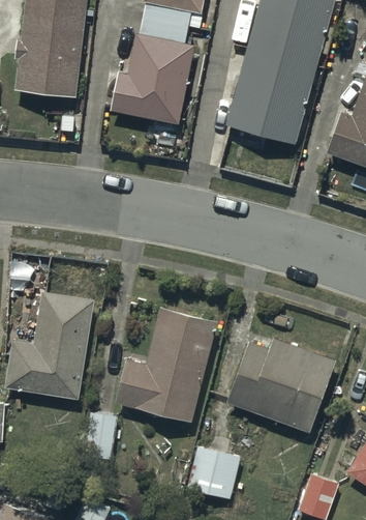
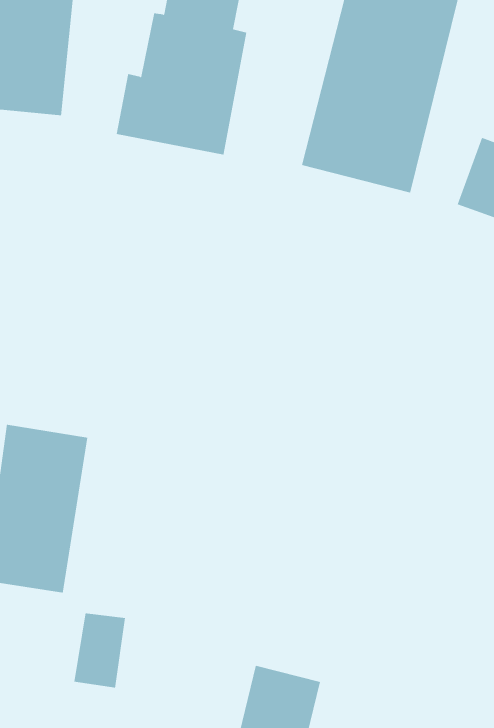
building: [116,310,216,422] -> none
building: [226,339,335,434] -> none

